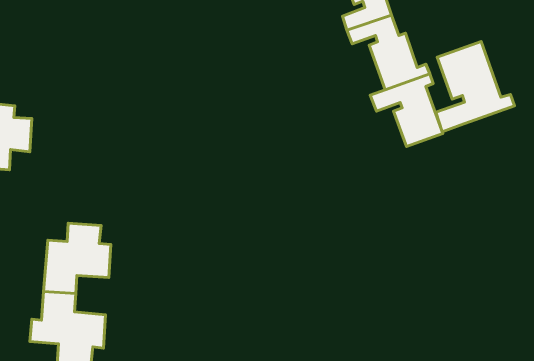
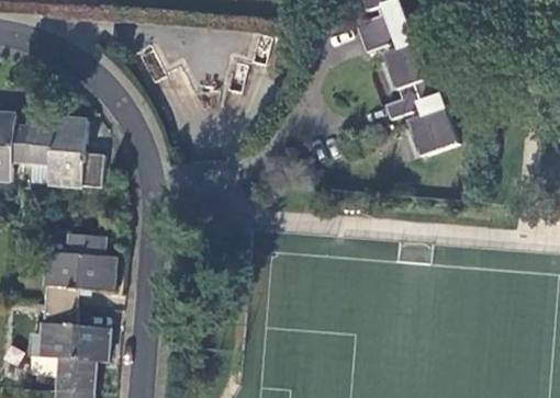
building: [436,41,515,132] -> none
building: none -> [31,117,103,187]

